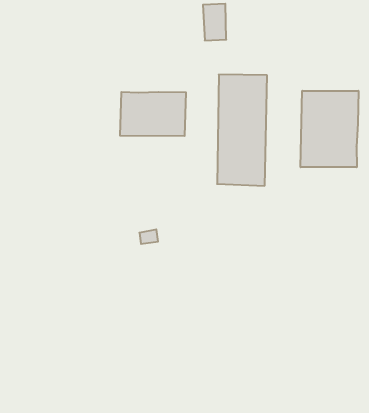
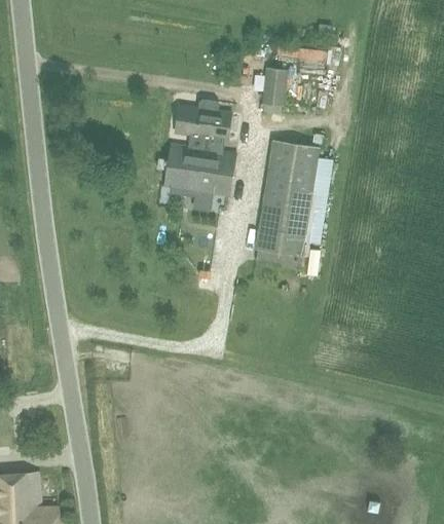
building: none -> [170,106,232,149]
building: [301,91,358,167] -> none

